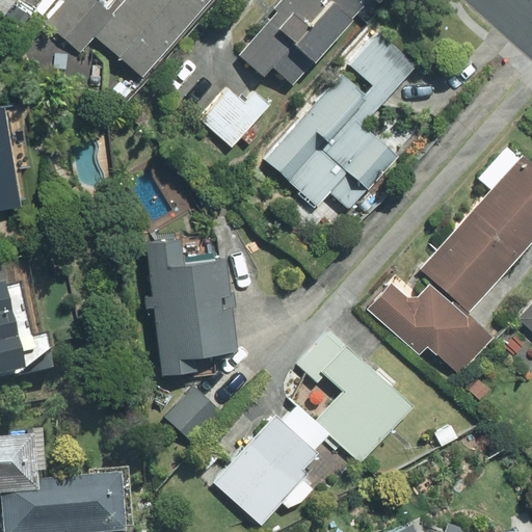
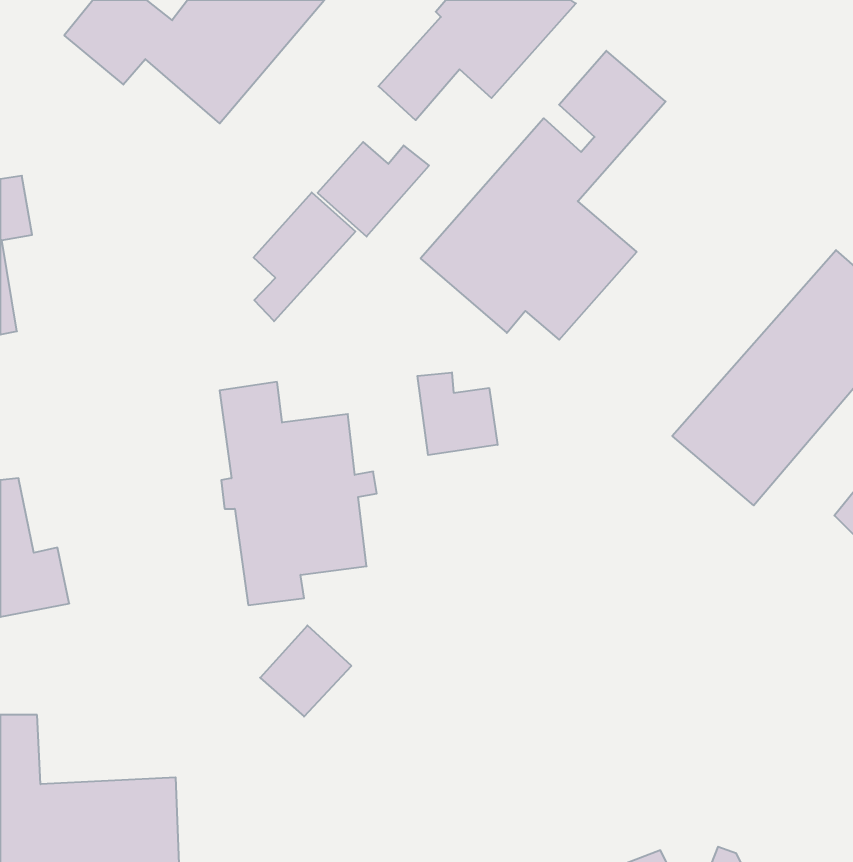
building: none -> [254,192,355,321]
building: none -> [417,372,498,455]
building: [368,283,494,374] -> none
building: [213,330,409,525] -> none

